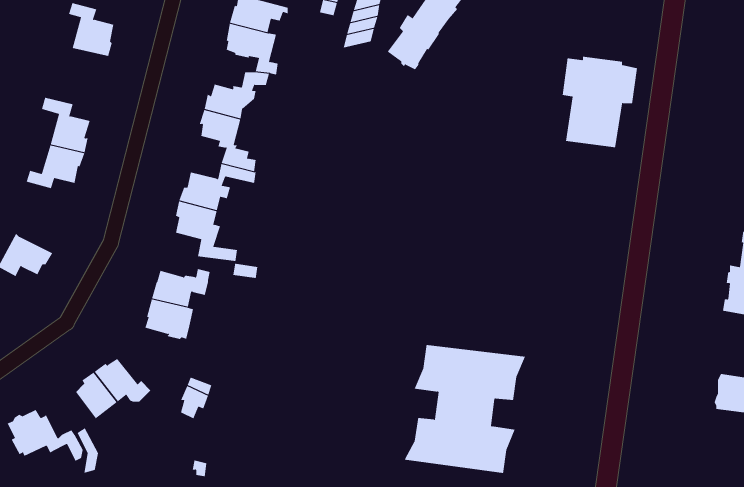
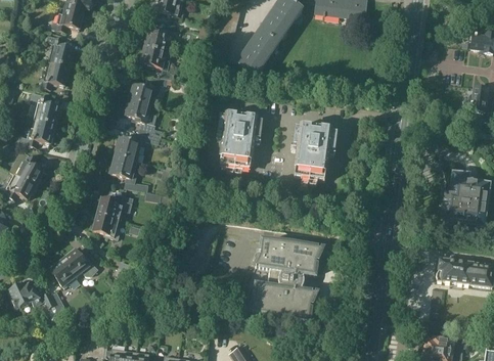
building: none -> [40,61,71,89]
building: [562,56,638,148] -> [291,125,338,180]
building: none -> [217,111,263,168]
building: none -> [16,152,43,185]

